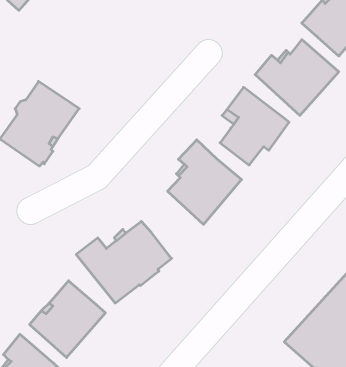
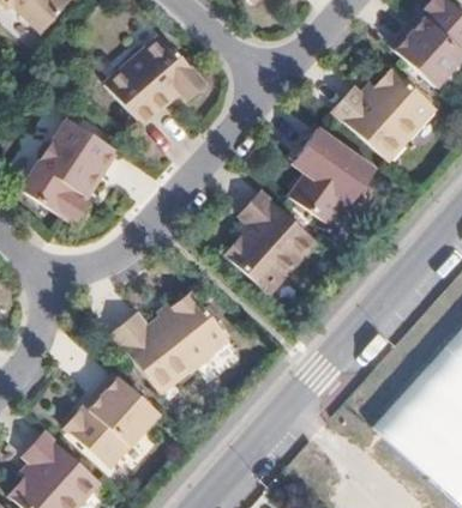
building: none -> [106,32,205,123]

